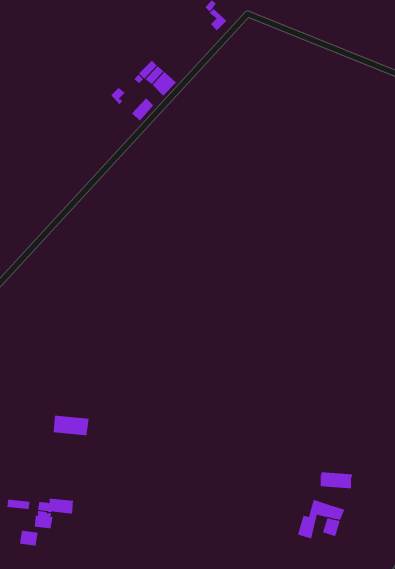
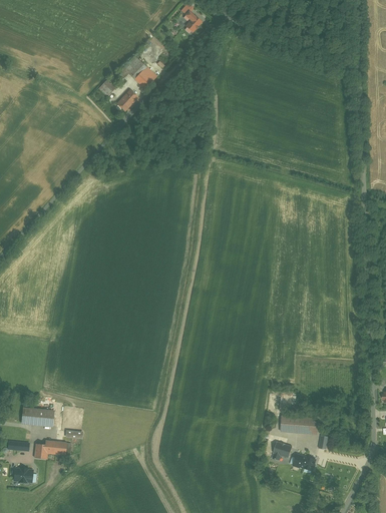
building: [53,415,89,436] -> [22,408,54,426]

